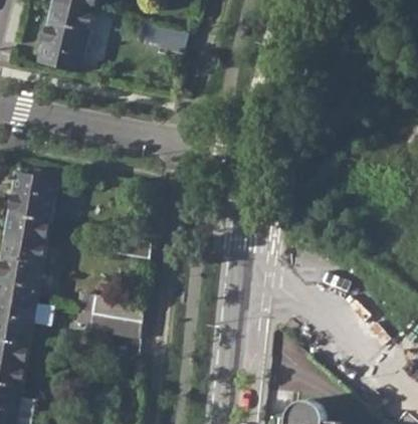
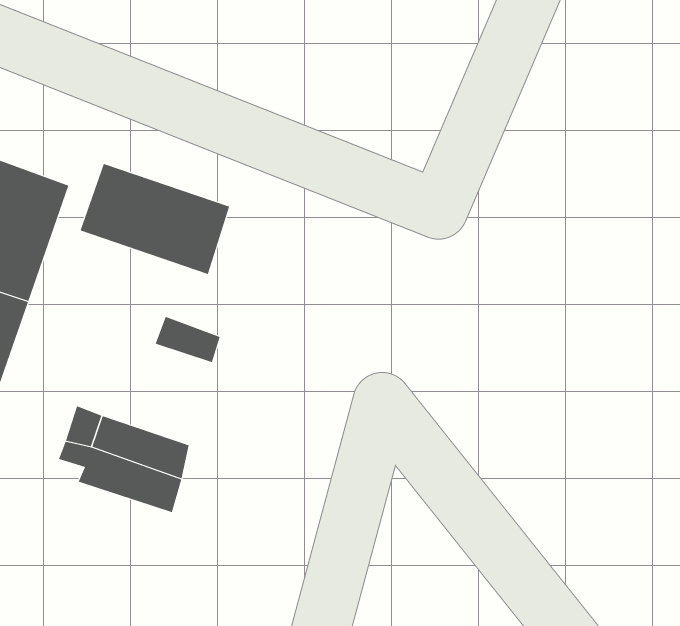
building: none -> [80,163,230,275]

